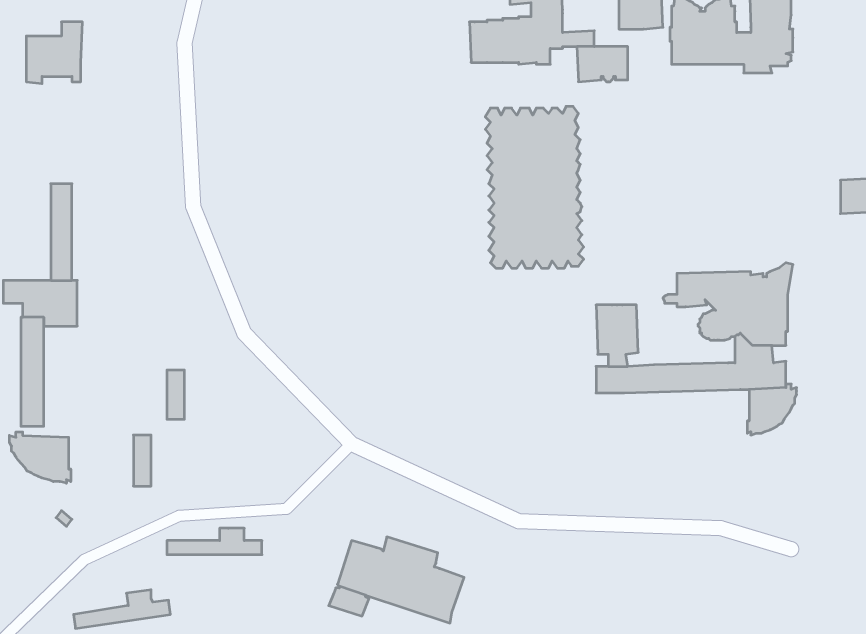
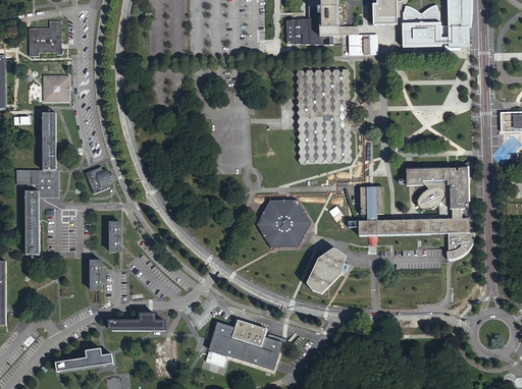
building: none -> [43,75,68,100]
building: none -> [85,165,112,192]
building: none -> [260,200,308,248]
building: none -> [306,248,349,295]
building: [9,432,71,483] -> none

